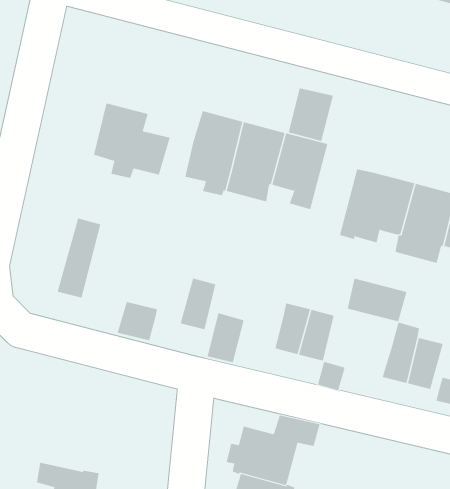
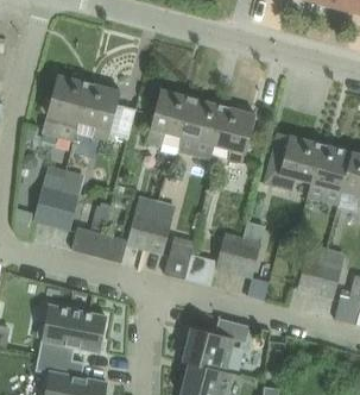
building: [288,88,334,142] -> none
building: none -> [42,75,88,140]
building: none -> [33,156,69,226]
building: none -> [71,202,109,257]
building: none -> [126,211,153,250]
building: [347,278,407,322] -> none
building: none -> [38,306,106,362]

